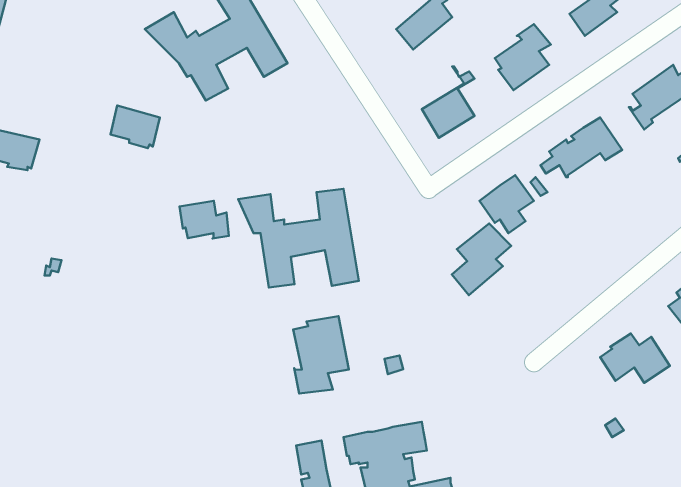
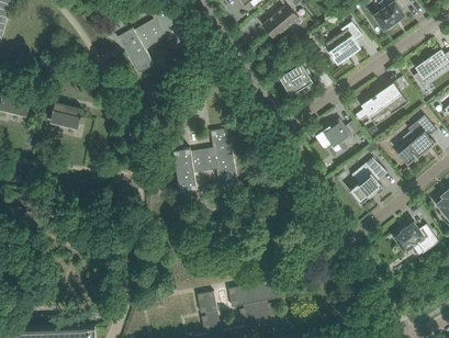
building: [110,106,160,148] -> [49,103,81,131]
building: none -> [395,116,436,167]
building: [180,201,229,239] -> none
building: [452,224,511,295] -> [348,159,386,205]
building: [293,316,349,394] -> none

